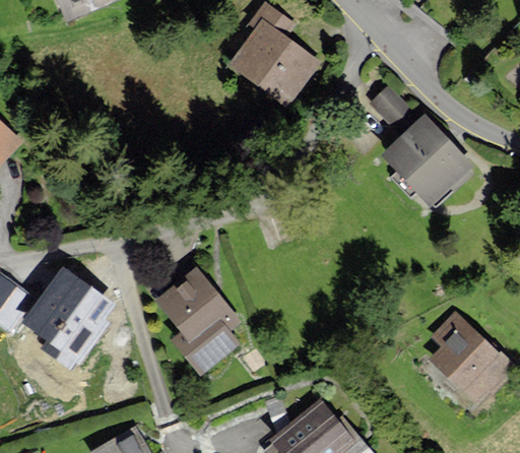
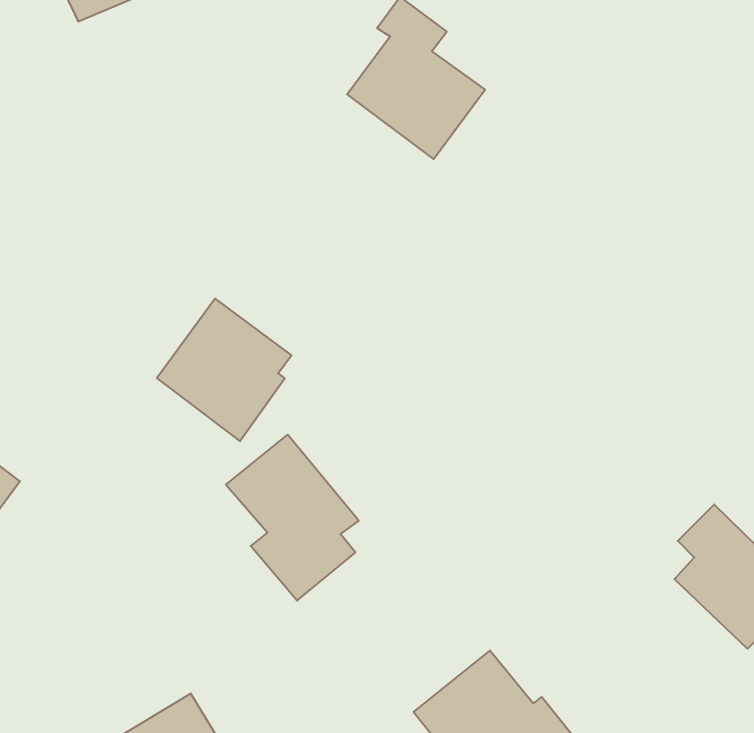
building: [371,86,411,129] -> none
building: [383,116,468,201] -> none
building: [27,270,110,358] -> [157,299,291,441]

